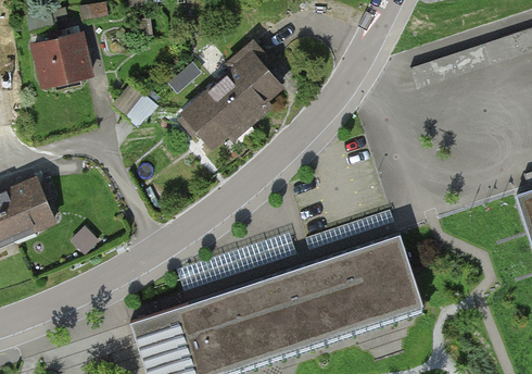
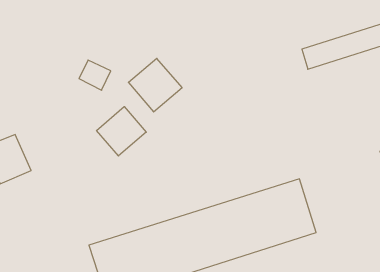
building: [27,34,89,90] -> none
building: [219,49,289,117] -> none
building: none -> [97,107,146,156]

